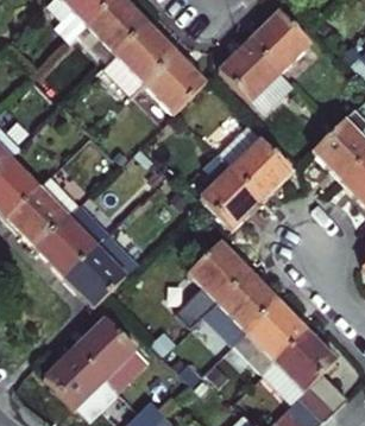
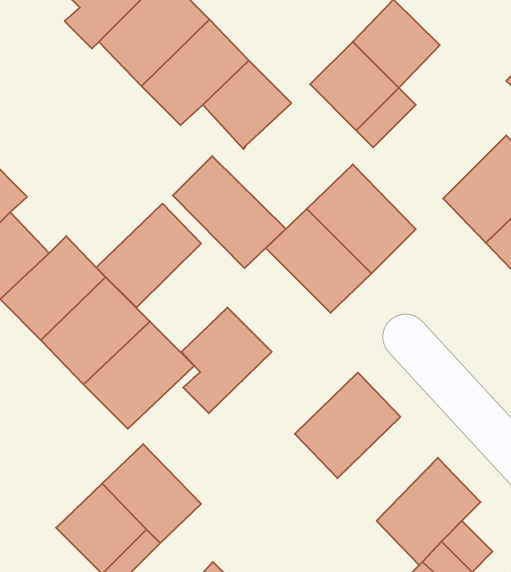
building: none -> [173,156,286,268]
building: none -> [96,204,201,307]
building: [190,239,253,312] -> [181,307,272,413]
building: [239,300,309,373] -> none

